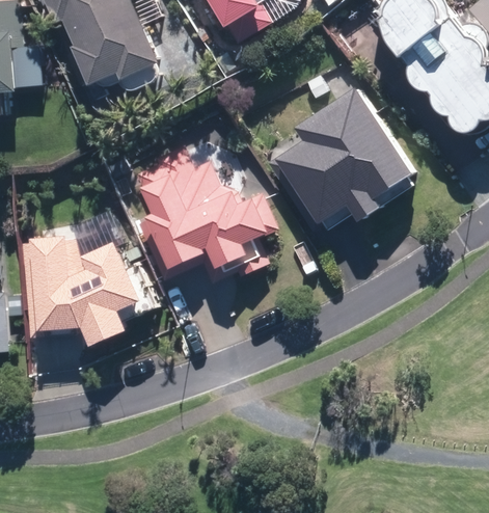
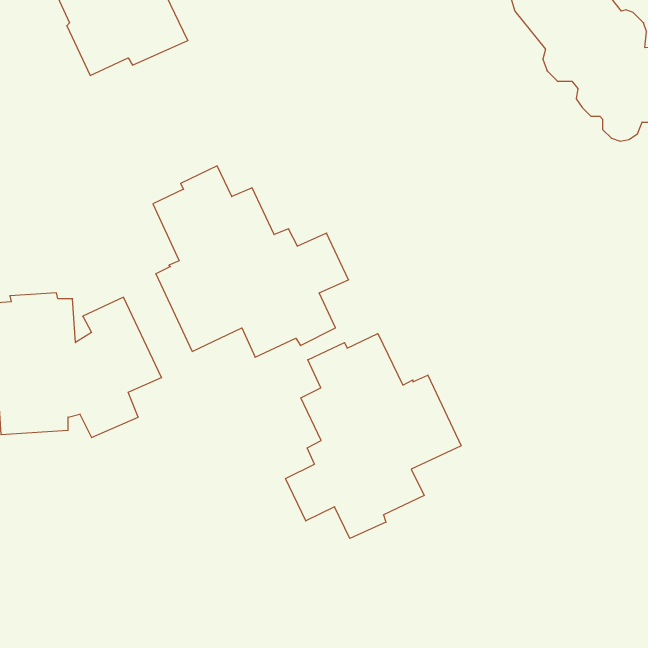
building: [266,88,410,233] -> none
building: none -> [286,334,461,538]

